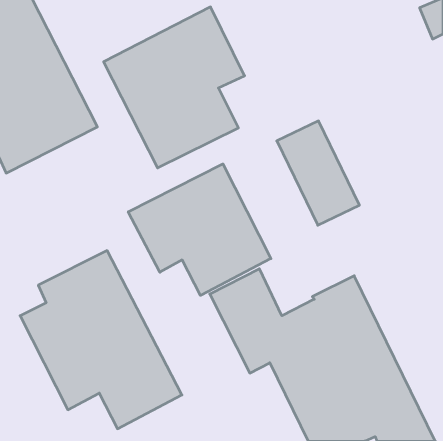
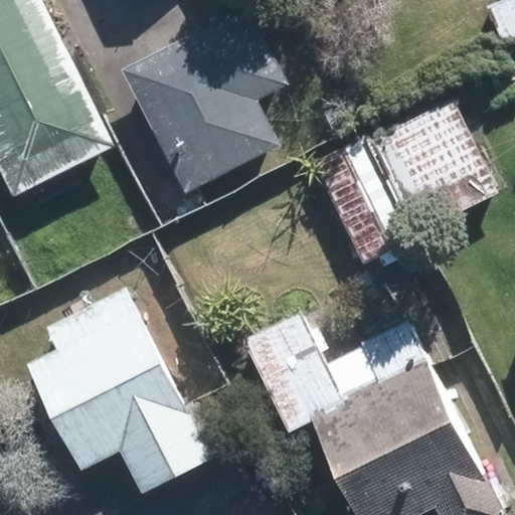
building: none -> [374,100,504,231]
building: [128,164,271,295] -> none

